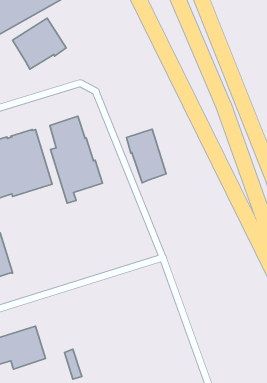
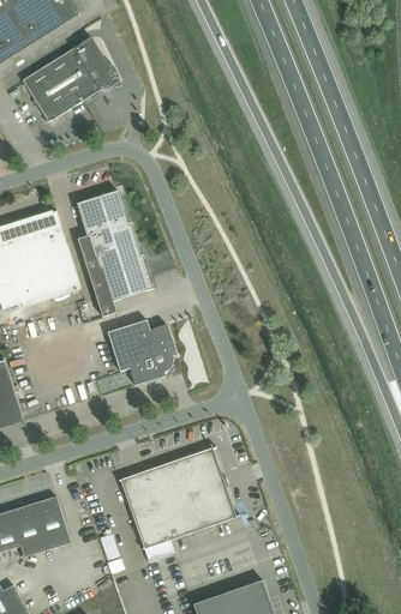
building: none -> [72,37,120,91]
building: [126,129,166,183] -> none
building: none -> [106,319,174,385]
building: none -> [118,446,239,561]

